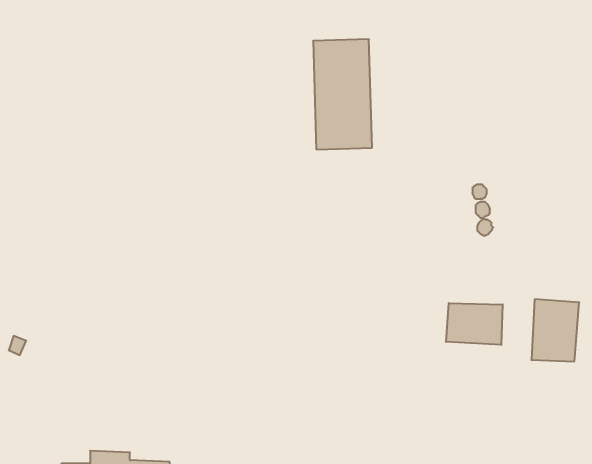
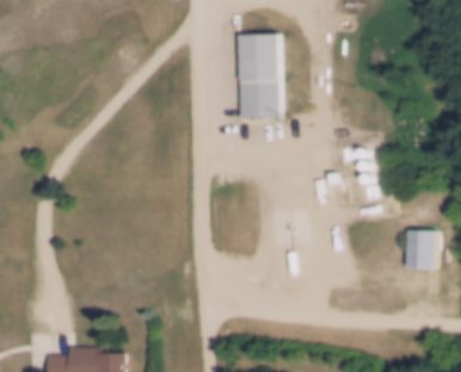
building: [446,303,503,345] -> none

